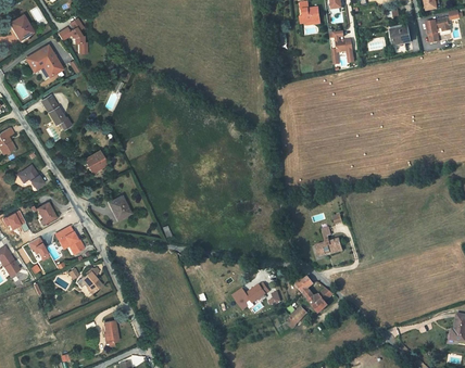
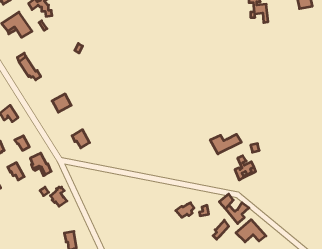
building: none -> [210,134,241,154]
building: none -> [236,220,266,242]

